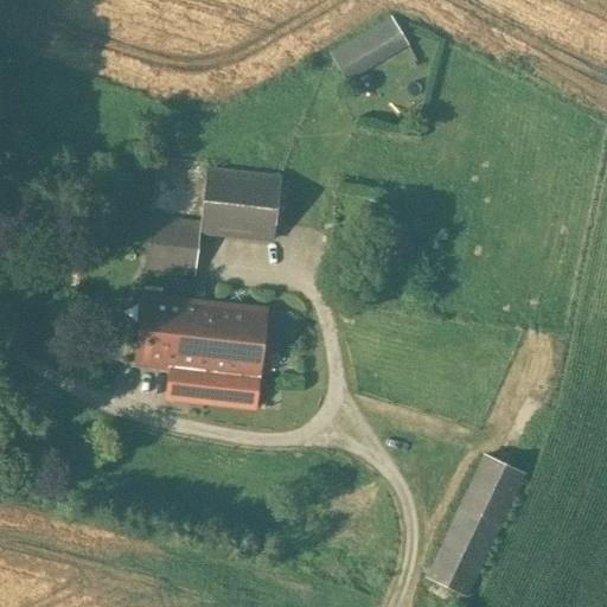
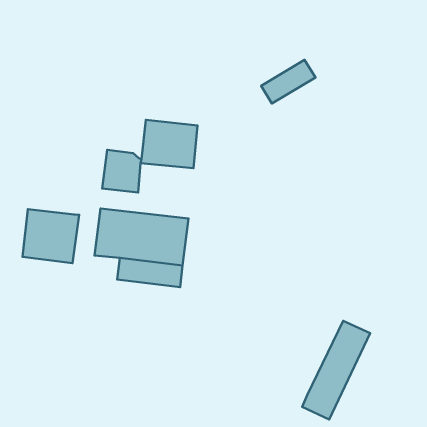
building: [332,18,409,79] -> [261,60,315,103]
building: none -> [22,209,79,263]

